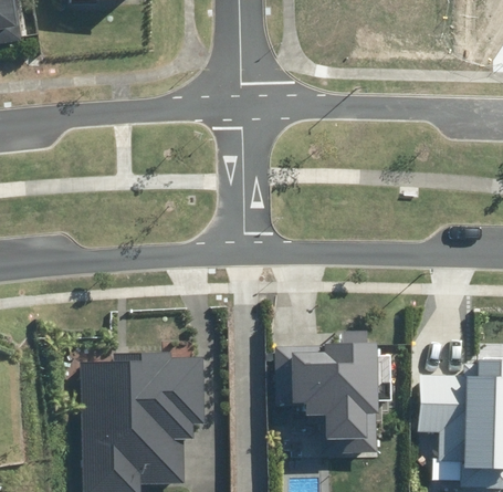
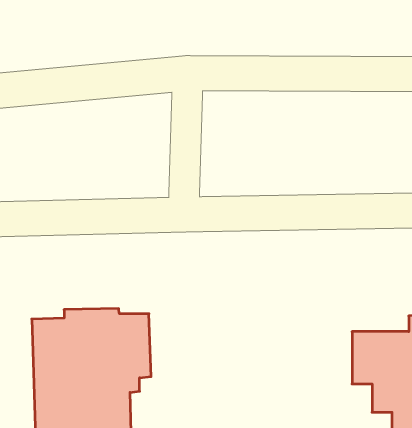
building: [273,329,379,454] -> none

